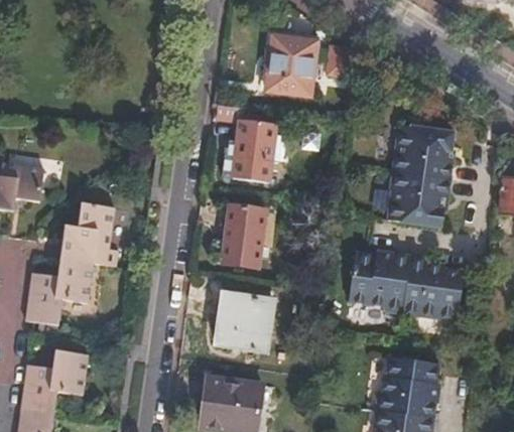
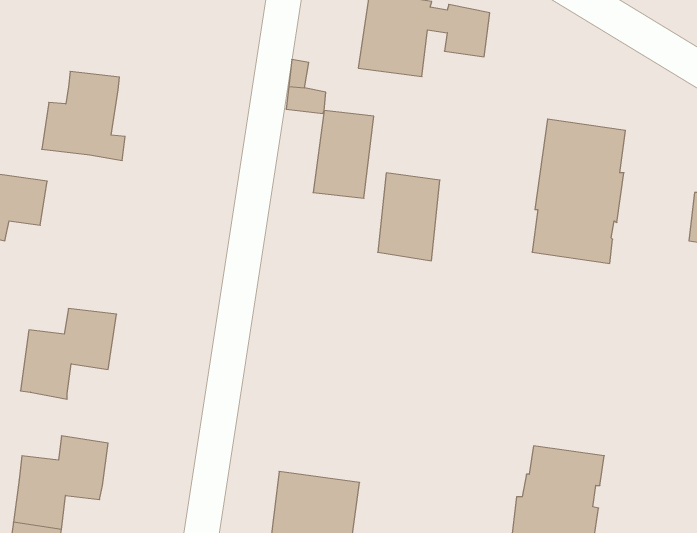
building: [57,204,117,268] -> [42,71,125,160]
building: [223,204,267,267] -> [378,173,440,261]
building: [348,253,465,322] -> none
building: [218,292,274,350] -> none

